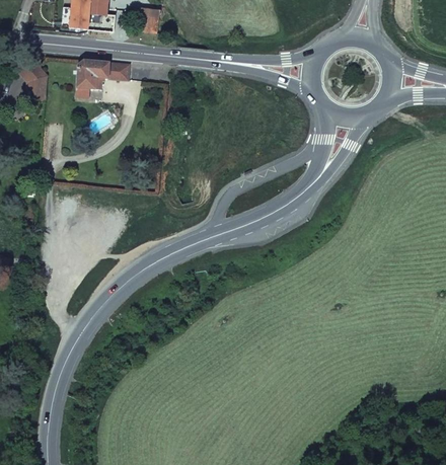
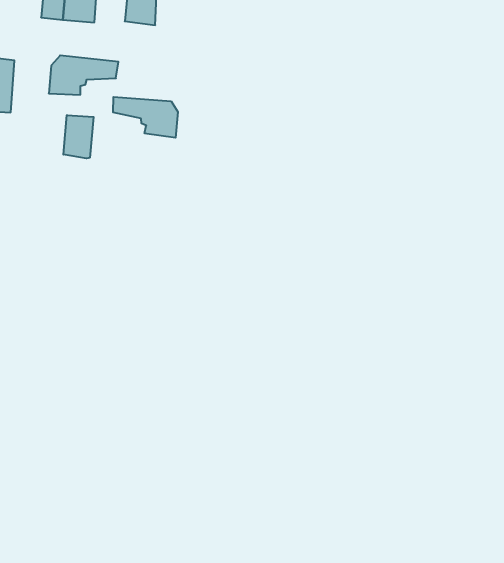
building: none -> [113,97,178,138]
building: none -> [63,115,94,158]

